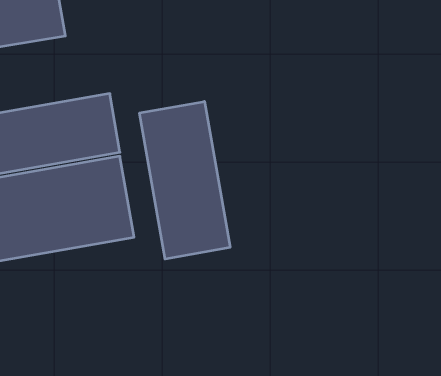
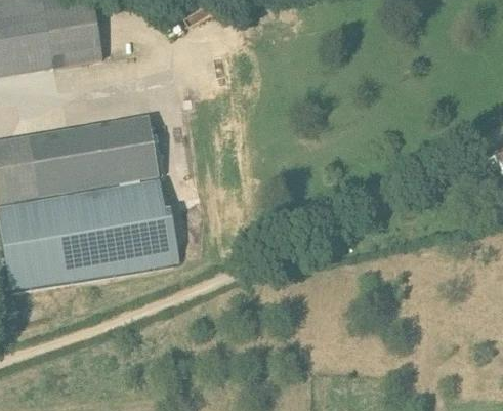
building: [140,101,230,259] -> none

